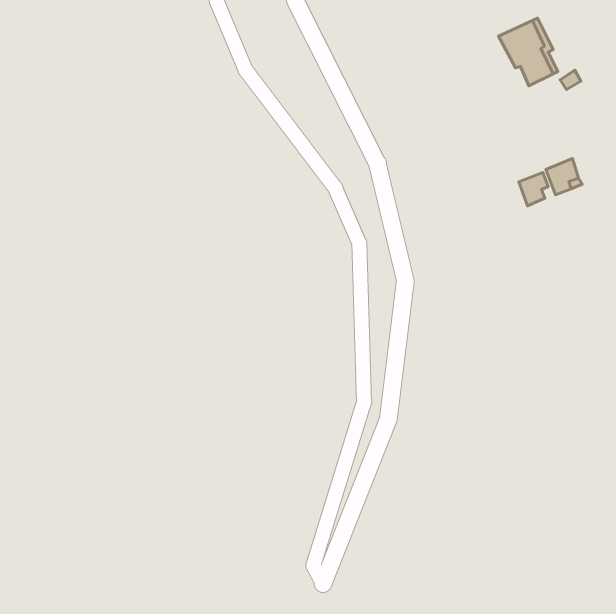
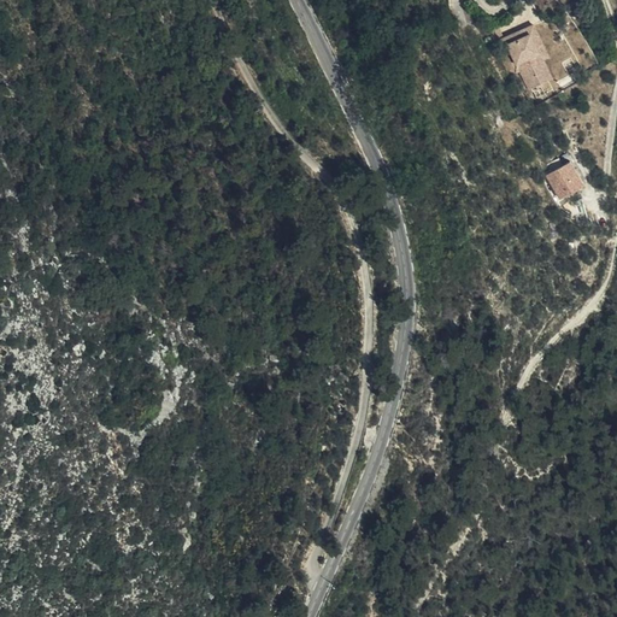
building: [519,173,548,206] -> none

